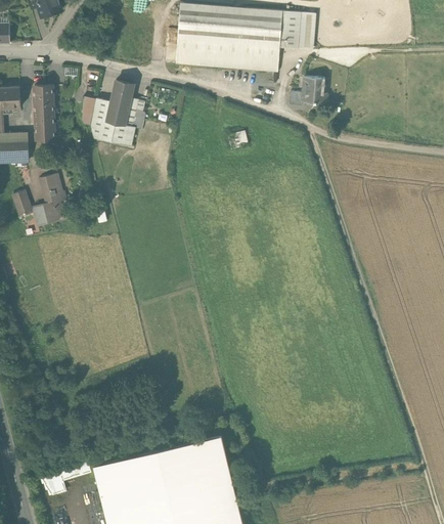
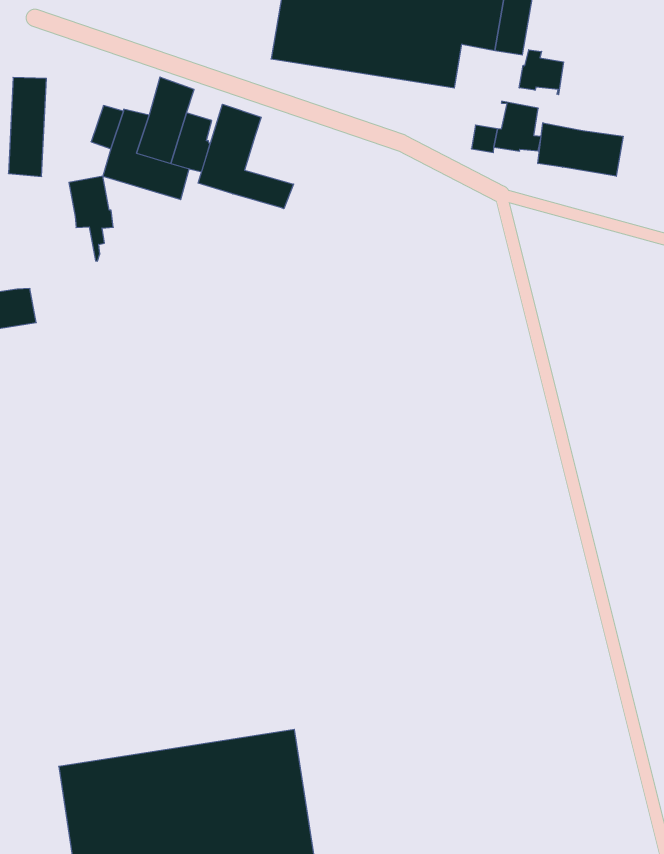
building: none -> [519,50,563,95]
building: none -> [538,123,623,176]
building: none -> [198,104,294,209]
building: [40,173,66,220] -> [69,176,113,261]

